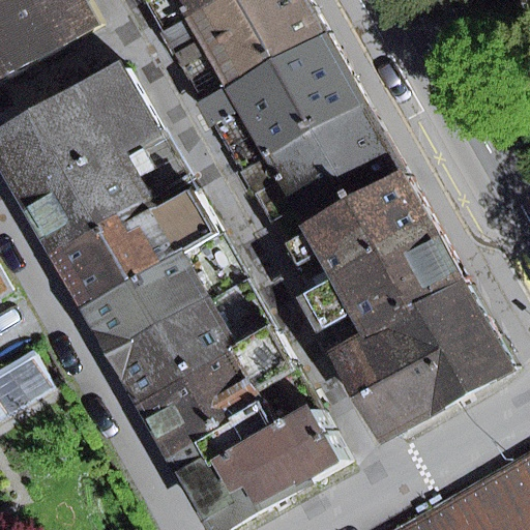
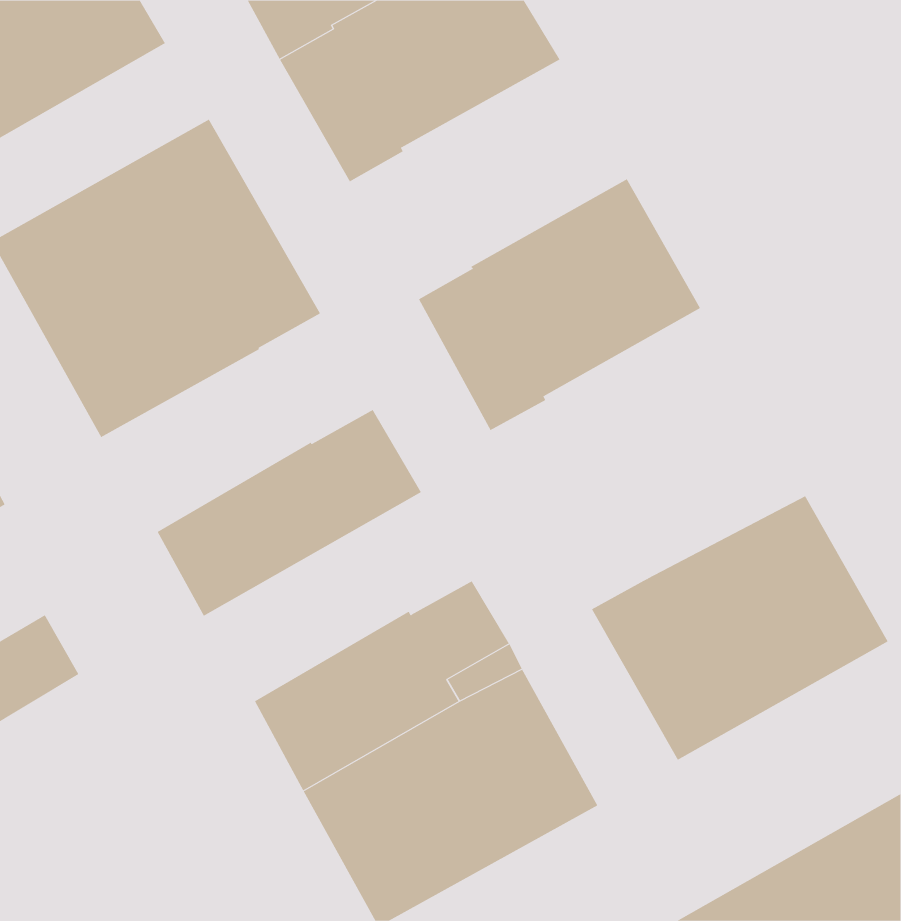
building: [201,34,360,172] -> none
building: [282,177,463,350] -> none
building: [58,180,214,305] -> none
building: [117,283,271,403] -> none

